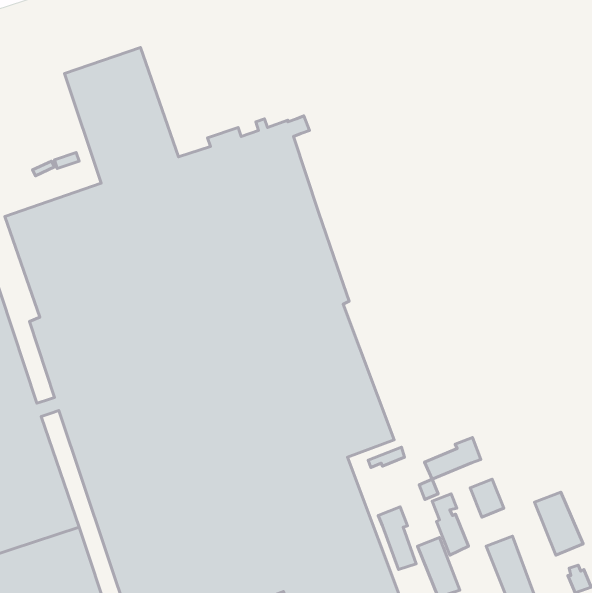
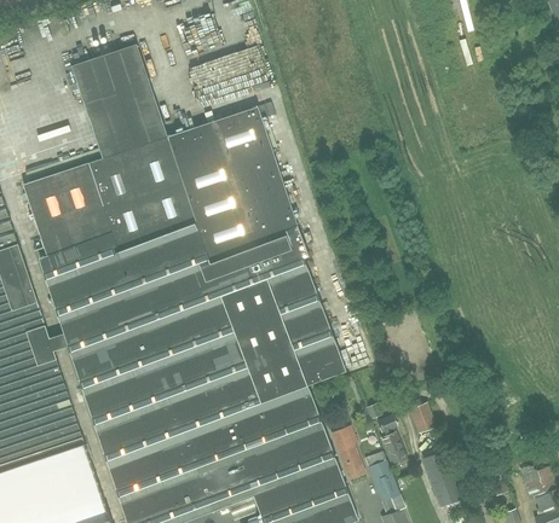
building: [425,437,481,479] -> none
building: [535,492,583,555] -> none

